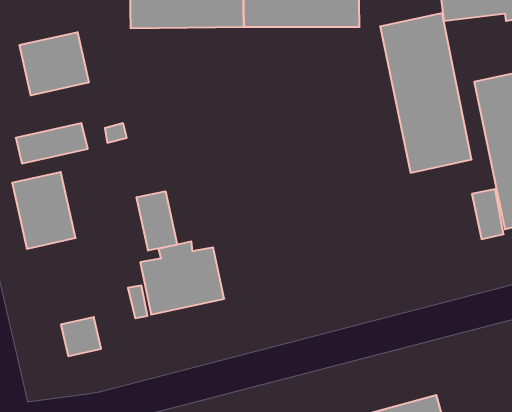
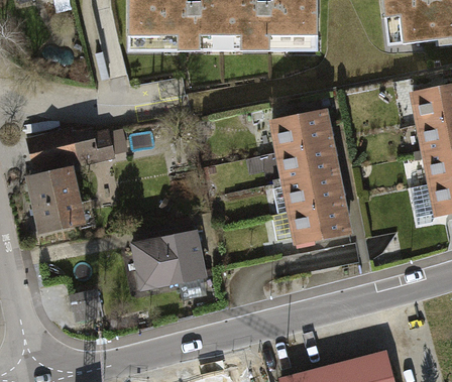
building: [380,13,472,173] -> [274,109,350,241]
building: [20,32,89,95] -> none
building: [137,191,177,251] -> none

